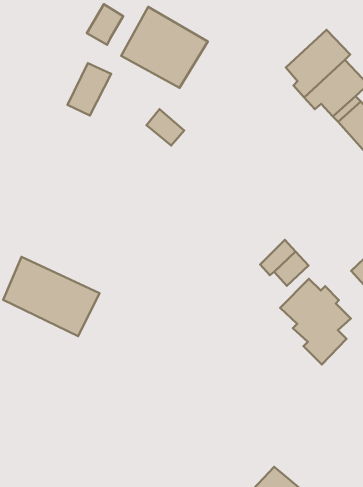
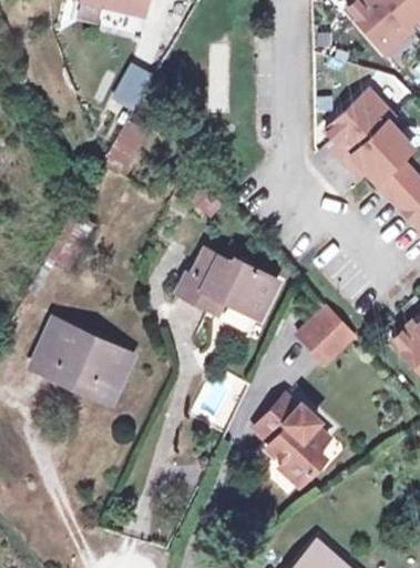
building: [121,7,208,88] -> none
building: none -> [180,251,279,313]
building: [280,279,351,364] -> [252,398,325,487]

